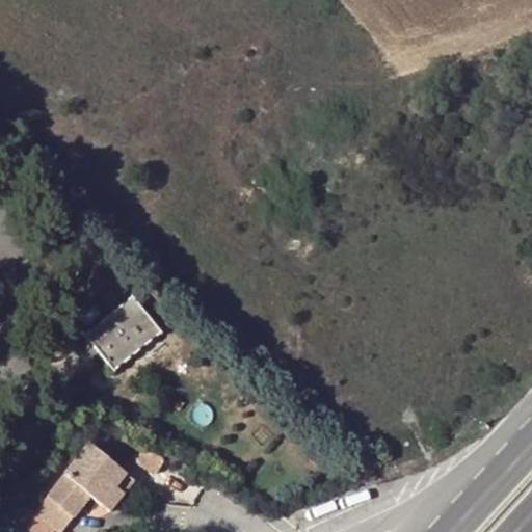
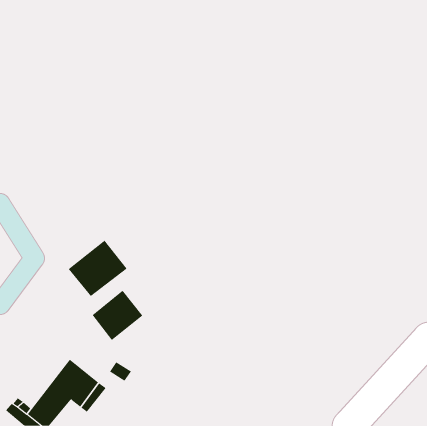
building: none -> [92,290,143,341]

